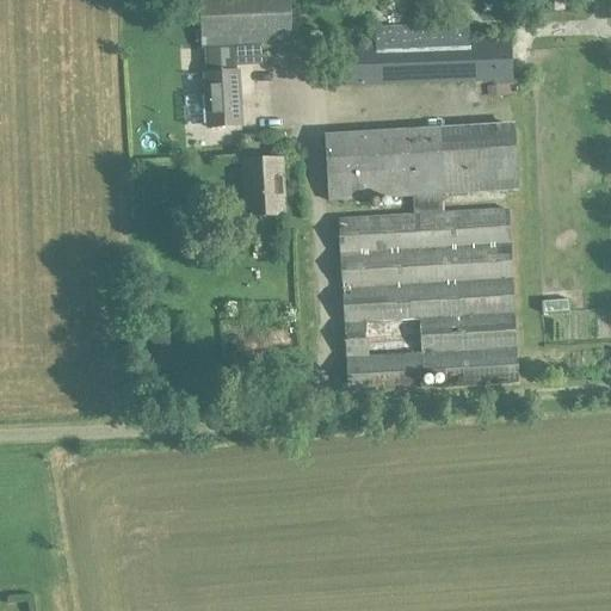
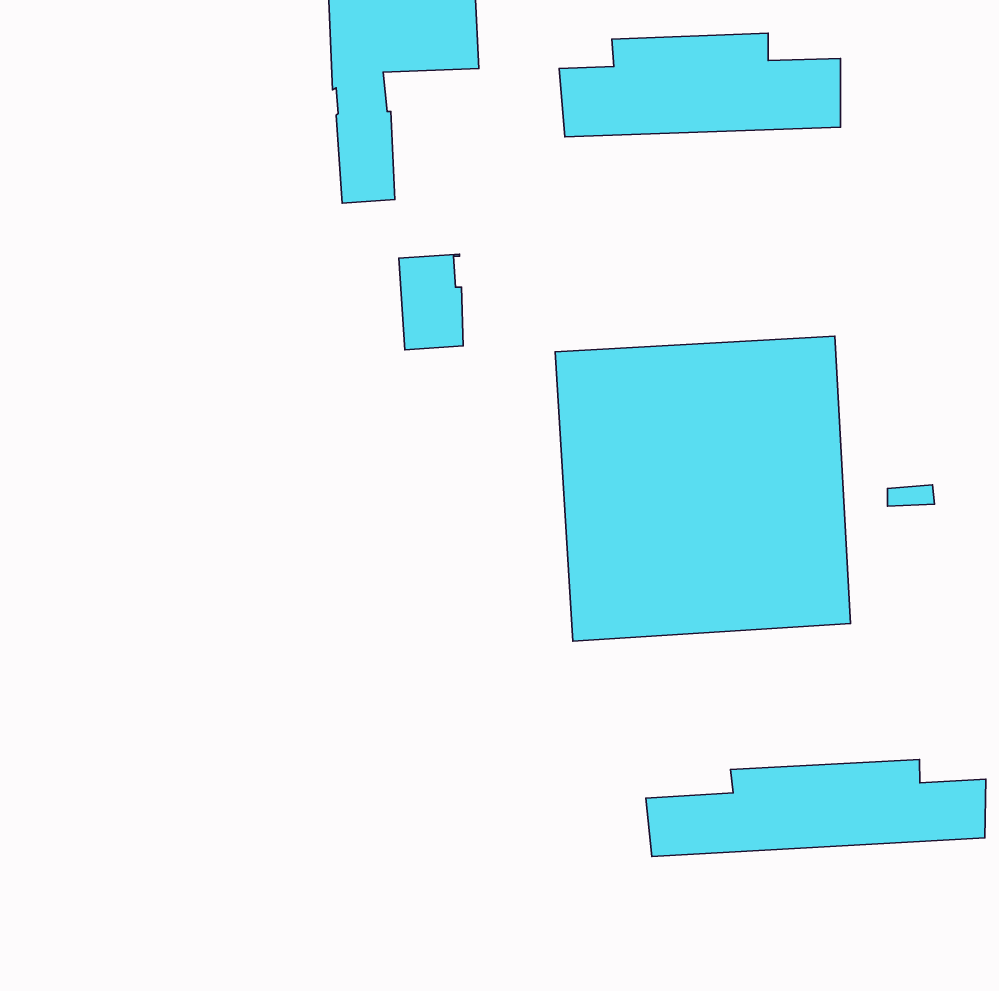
building: [326,121,519,198] -> none
building: none -> [646,759,986,856]

